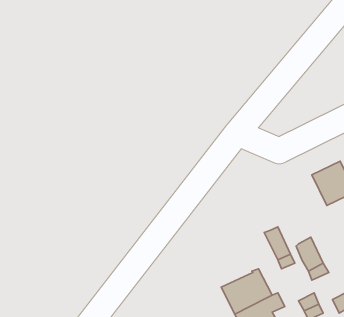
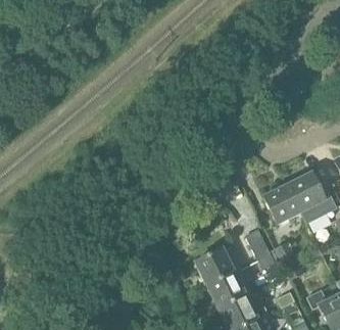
building: none -> [263,185,301,225]
building: none -> [194,243,244,286]

